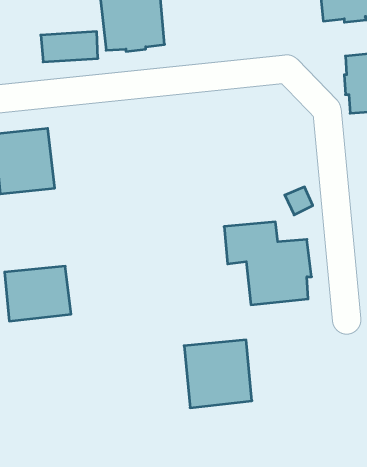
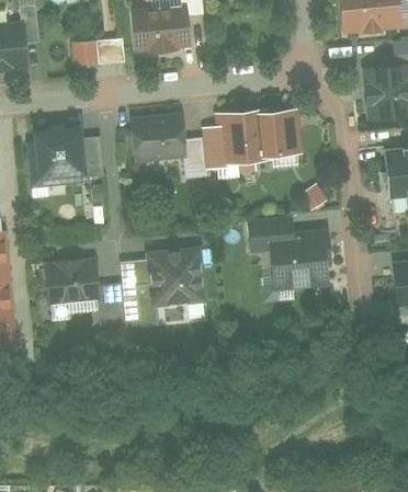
building: none -> [204,107,303,167]
building: none -> [129,114,188,163]
building: [184,340,252,408] -> [145,245,208,309]

